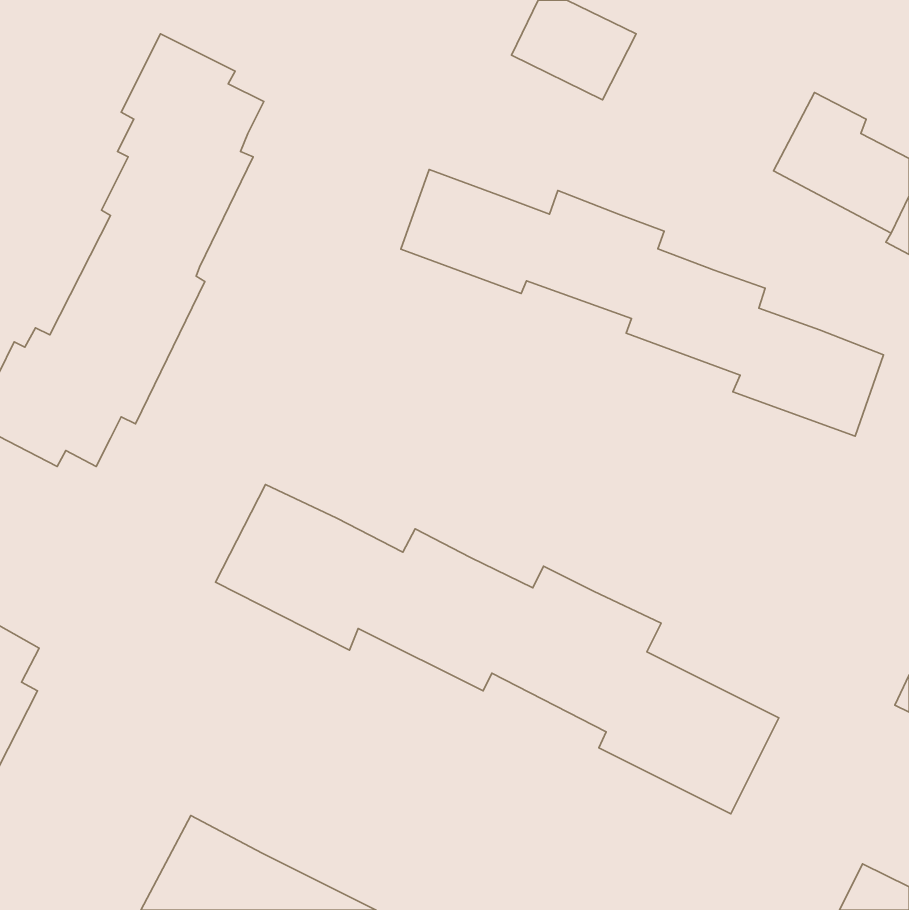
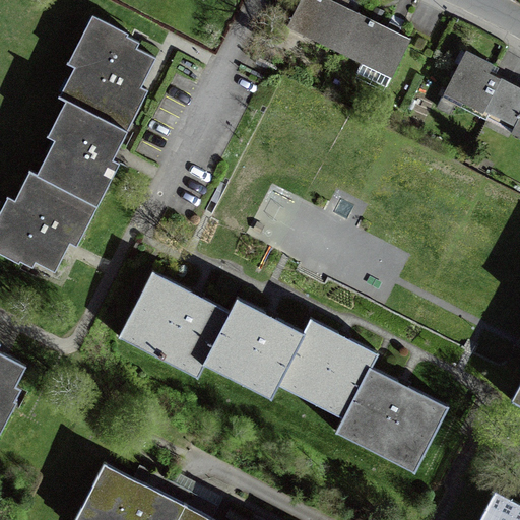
building: none -> [343,19,414,83]
building: [401,170,883,436] -> none

